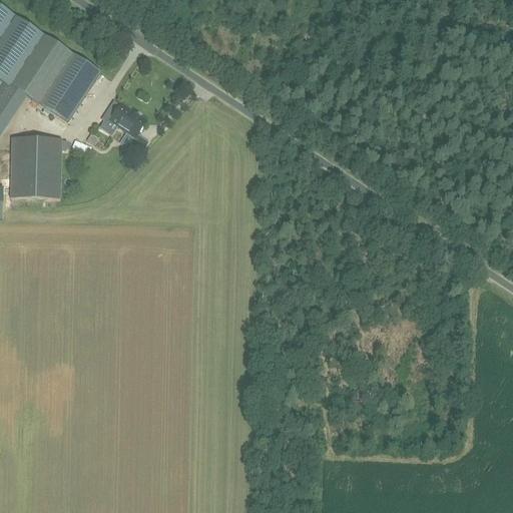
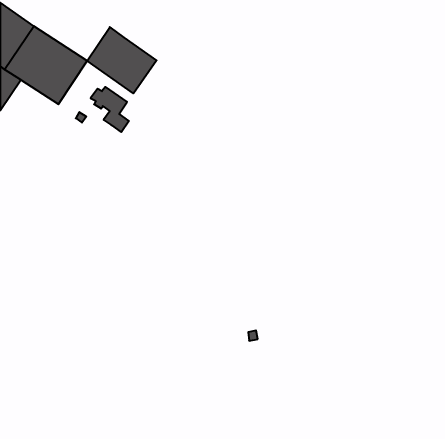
building: none -> [87,27,157,93]
building: [10,134,62,196] -> none

